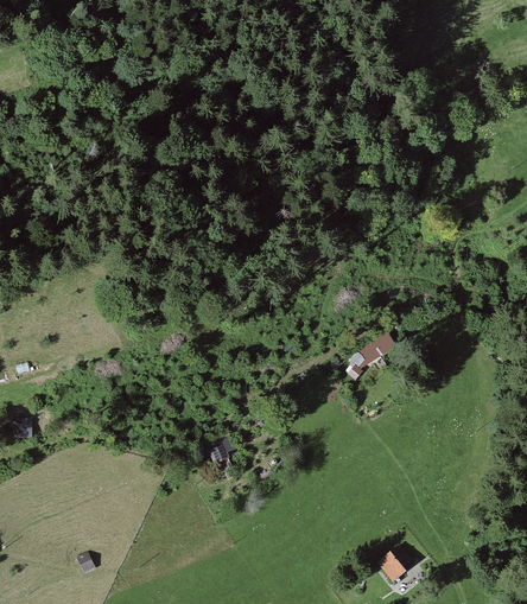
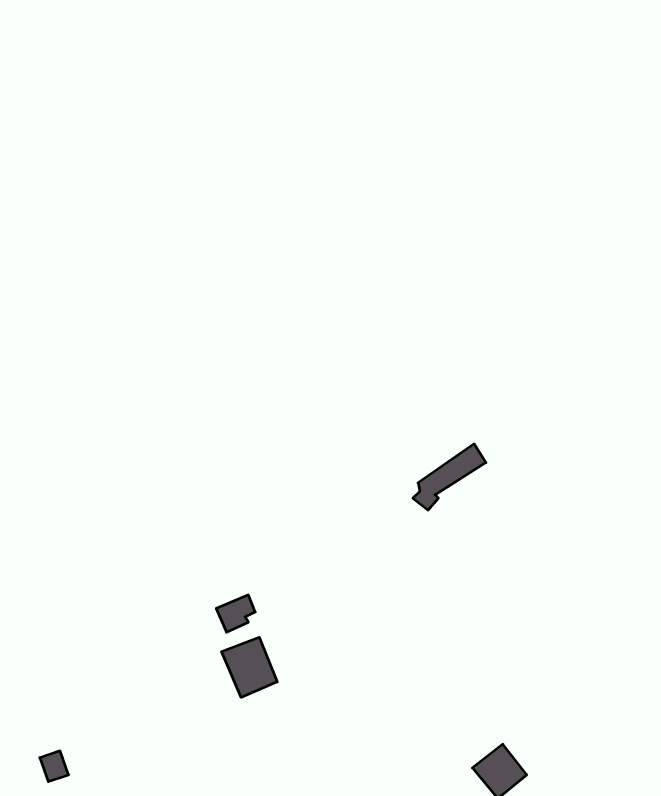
building: none -> [222,637,277,697]

